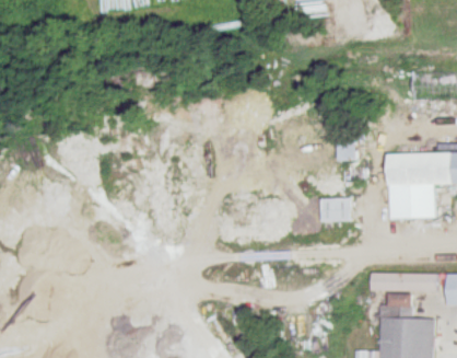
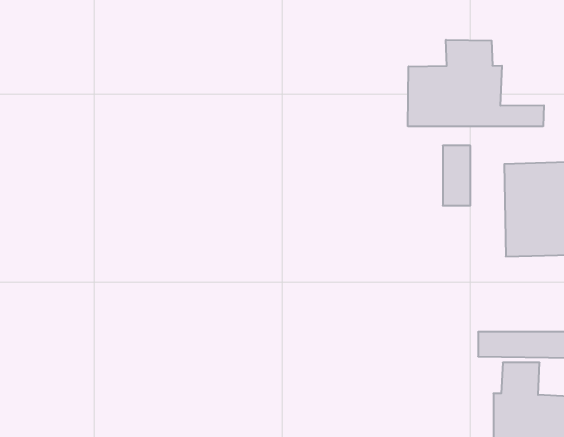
building: none -> [408,40,544,126]
building: [325,198,349,220] -> none

